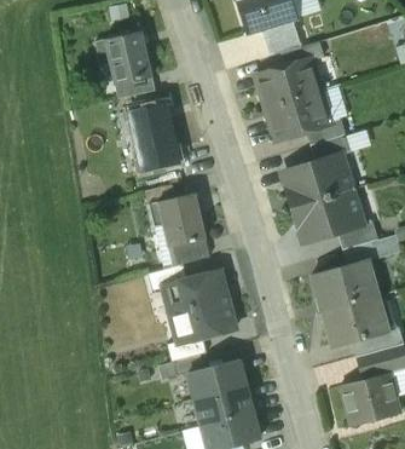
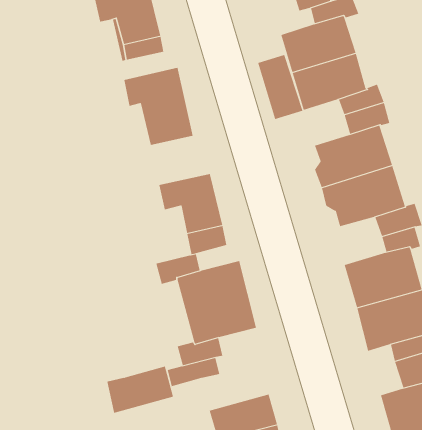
building: none -> [257,54,303,120]
building: [187,358,245,399] -> [106,366,174,414]

